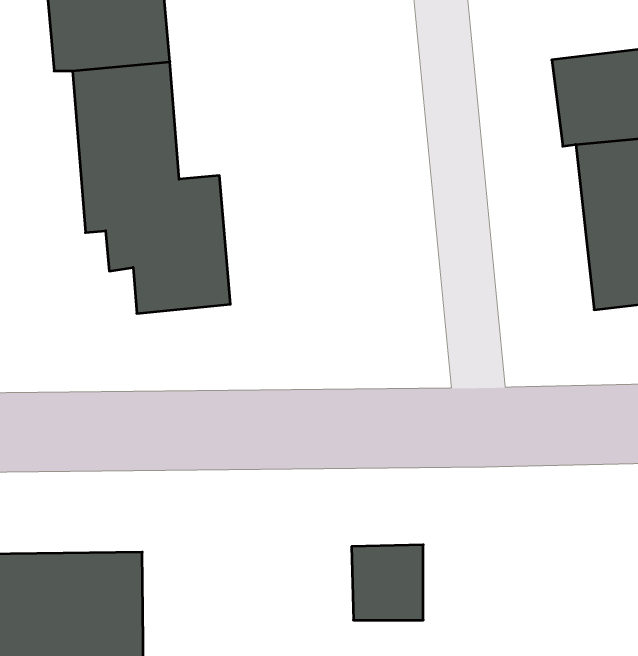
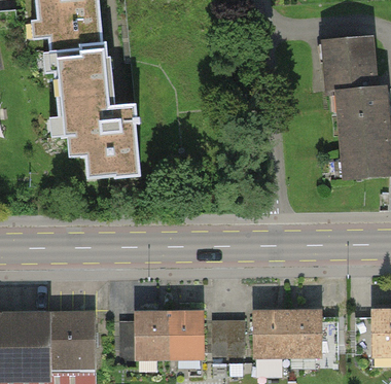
building: none -> [252,311,321,352]
building: none -> [133,312,202,353]

